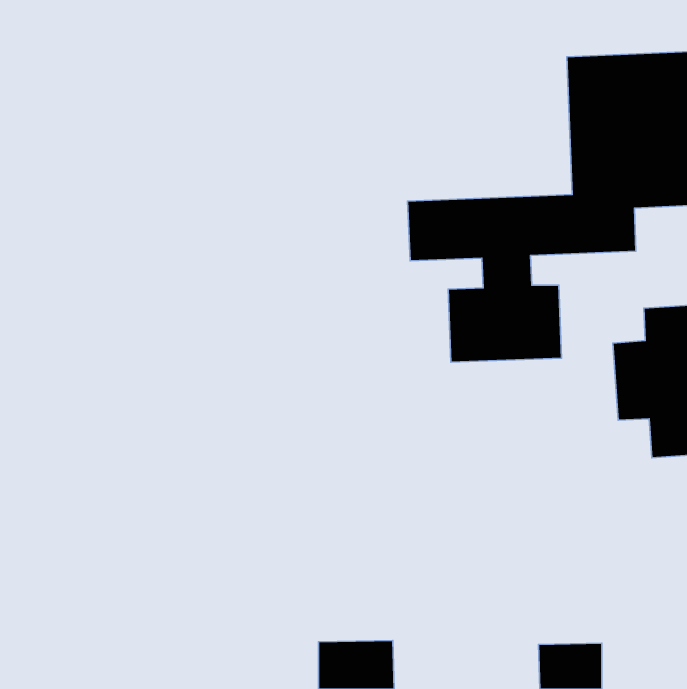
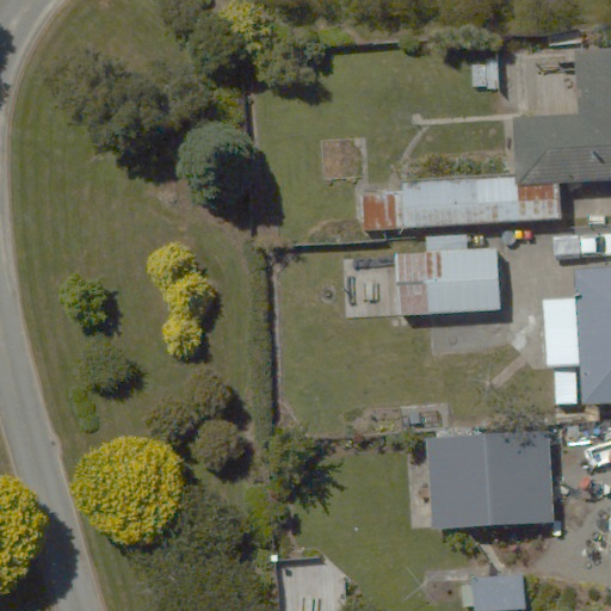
building: none -> [427,428,563,530]

